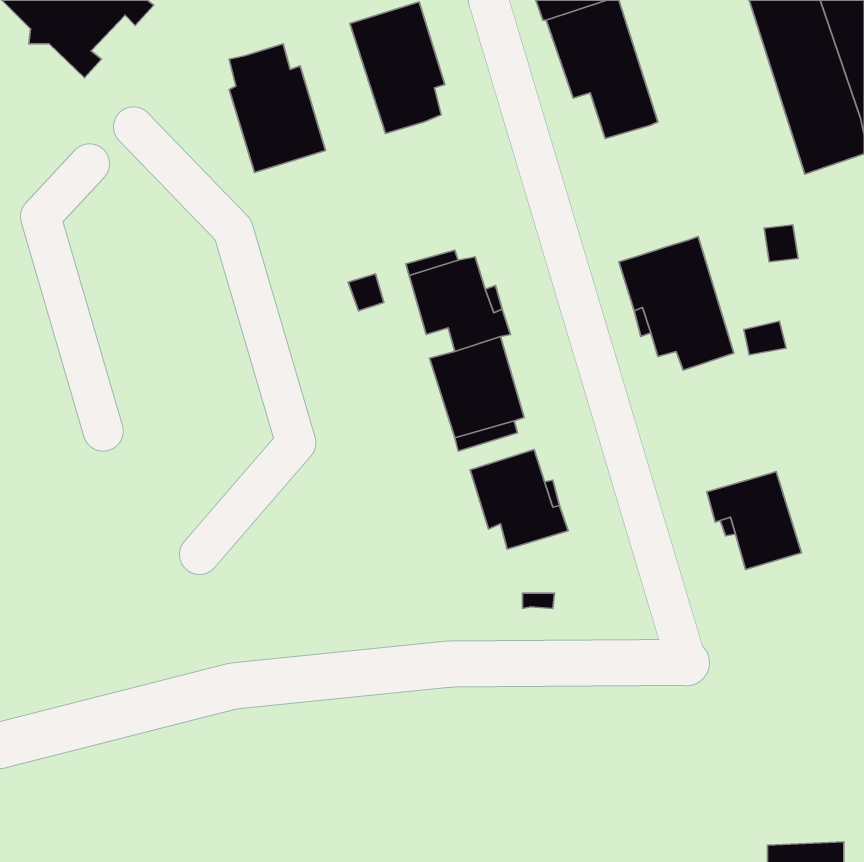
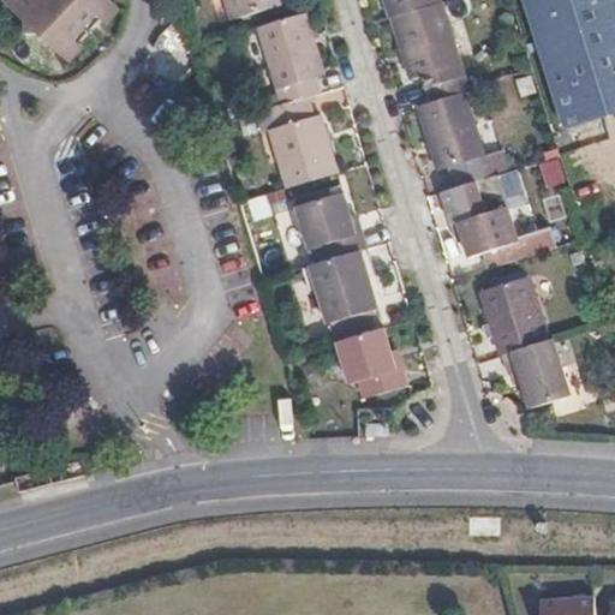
building: [229,44,326,172] -> [263,88,332,179]
building: none -> [417,90,489,183]
building: none -> [479,276,548,352]

